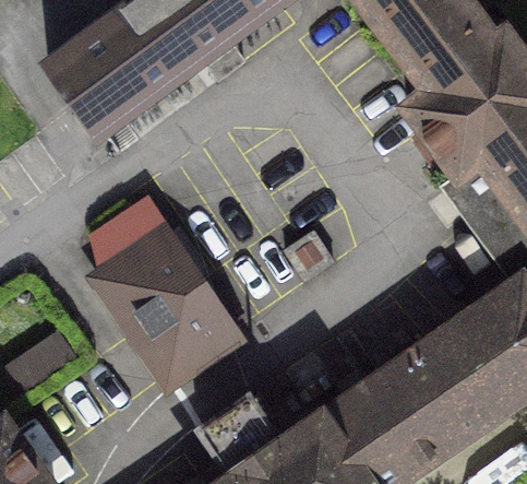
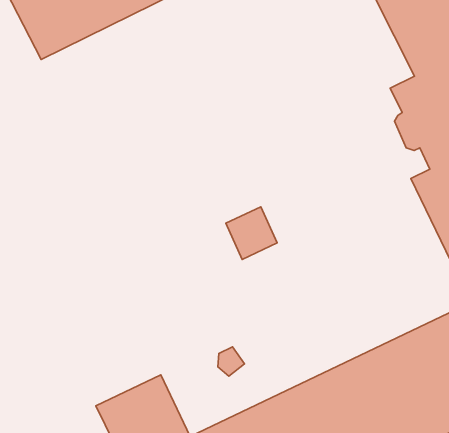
building: [96,225,239,378] -> none

